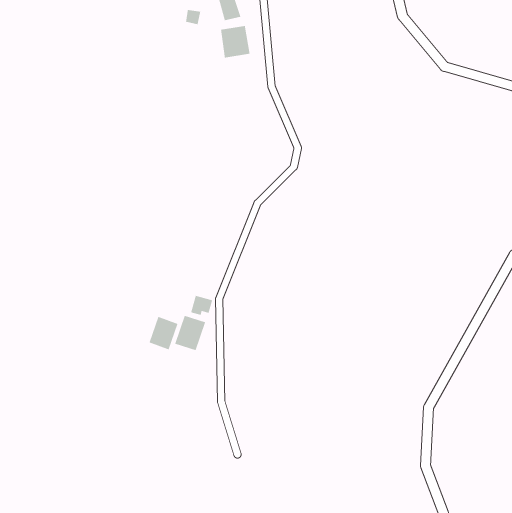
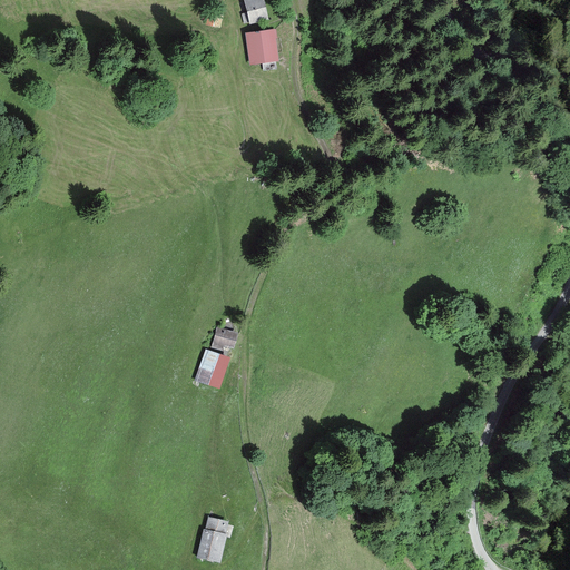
building: [149,316,178,350] -> none
building: none -> [197,517,229,562]

